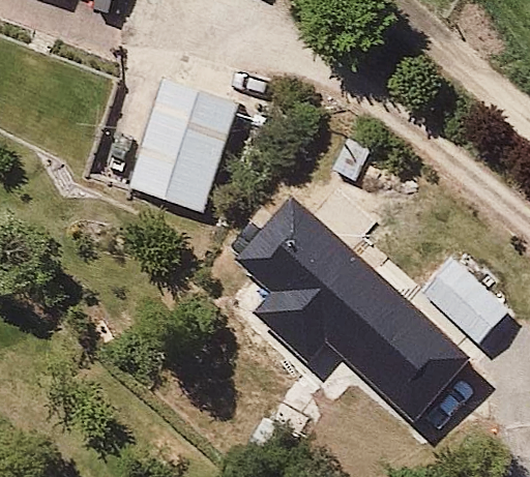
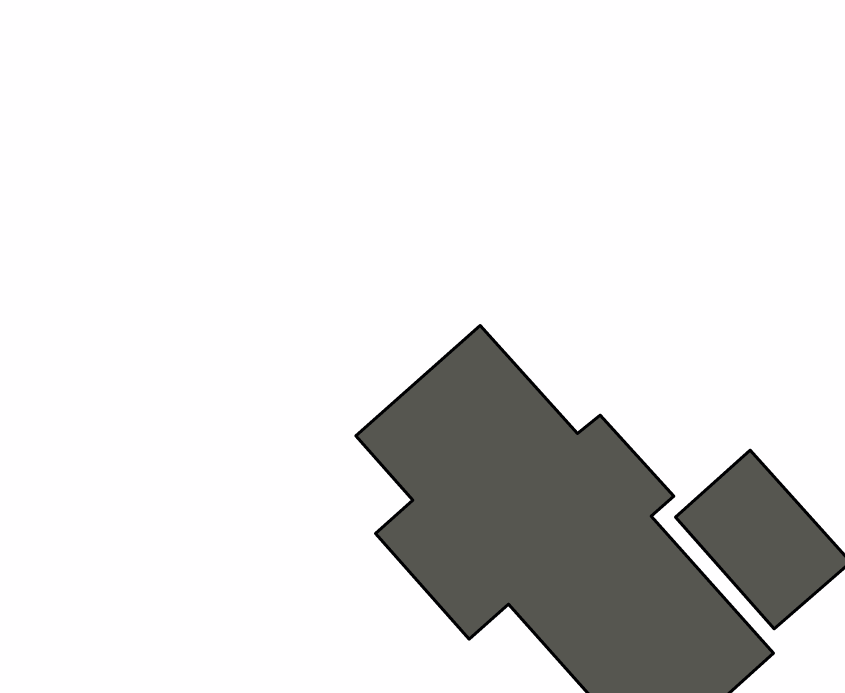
building: [125,70,238,206] -> none

